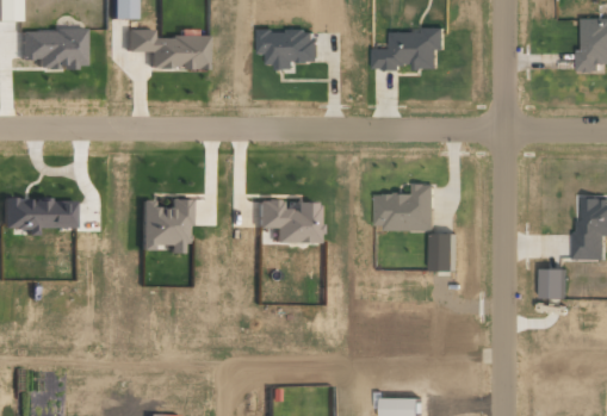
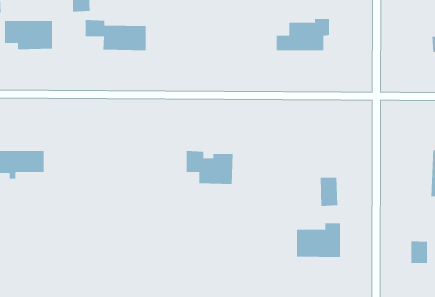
building: [259,29,317,67] -> none
building: [376,184,434,229] -> [296,223,341,258]
building: [141,198,187,253] -> none
building: [541,267,564,297] -> [410,241,428,264]

